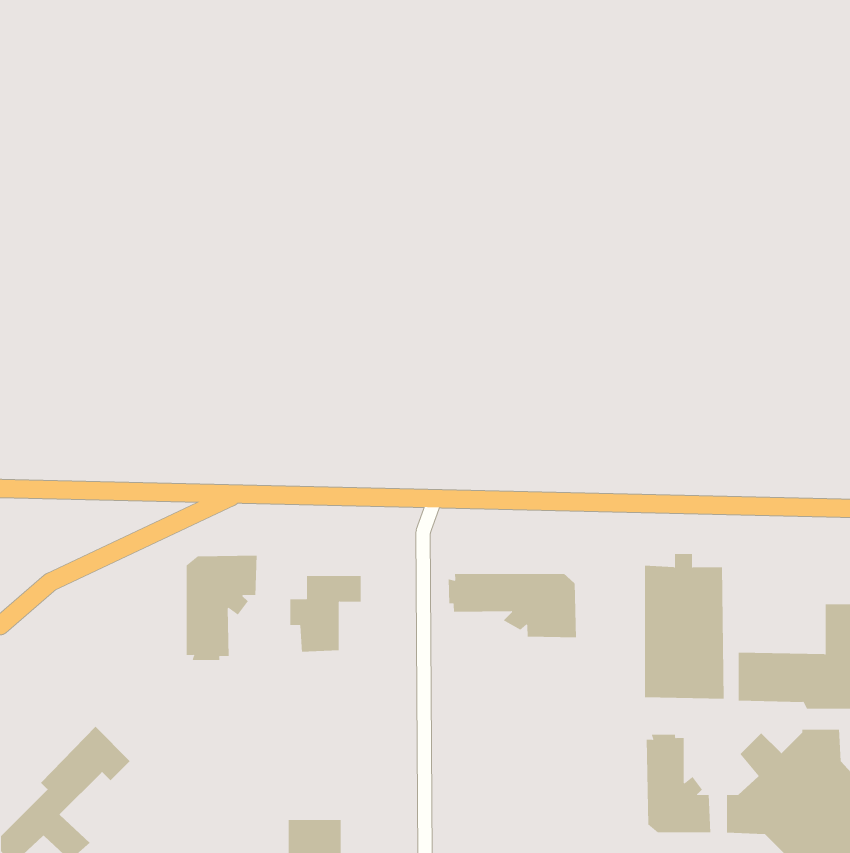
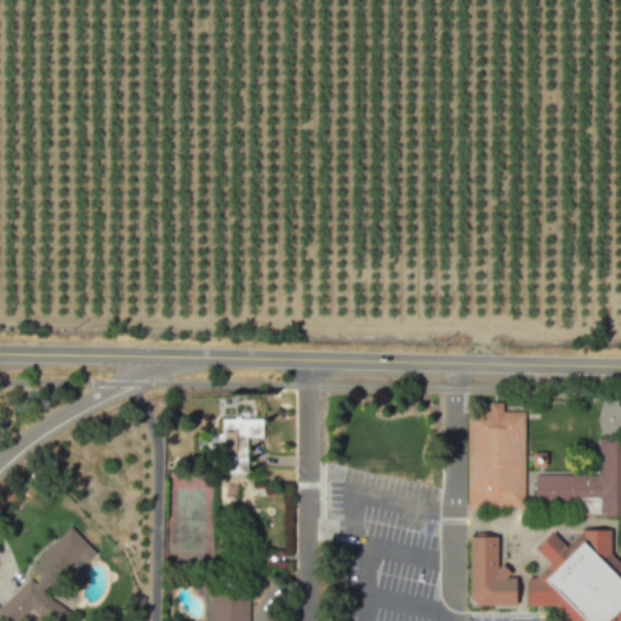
building: [186,555,257,661] -> none
building: [448,573,576,638] -> none

